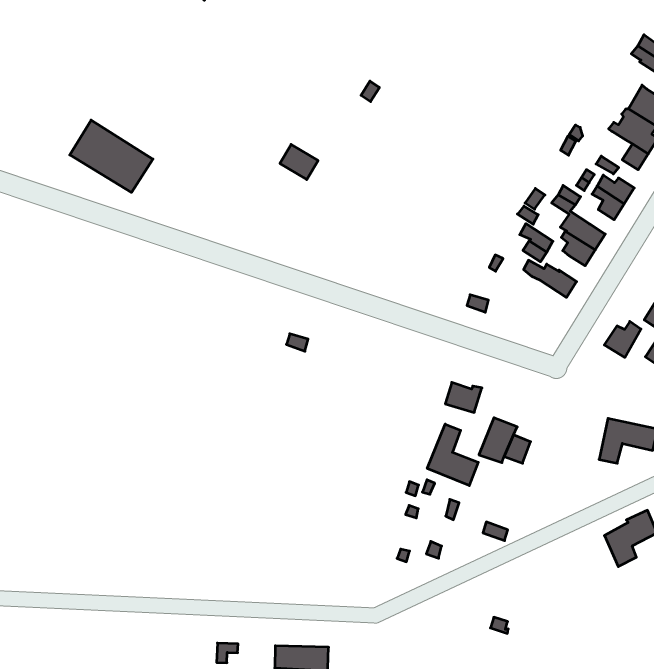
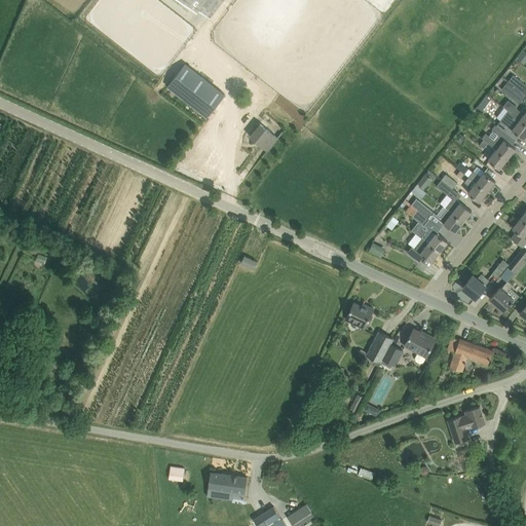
building: [70,120,153,192] -> [166,65,224,118]
building: none -> [407,238,439,263]
building: none -> [404,330,435,364]
building: [427,424,478,486] -> none

